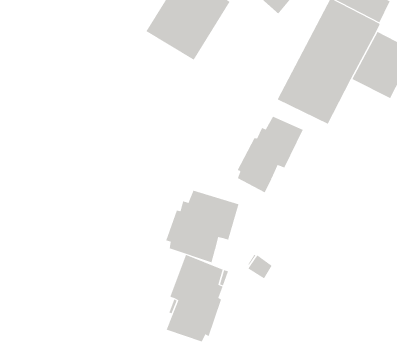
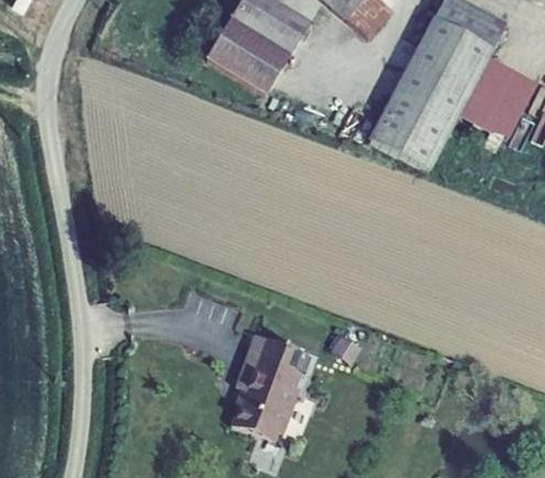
building: [237,116,304,193] -> none
building: [166,190,239,263] -> none

